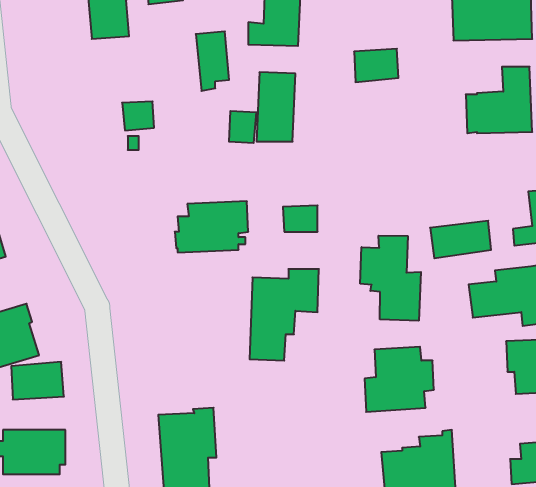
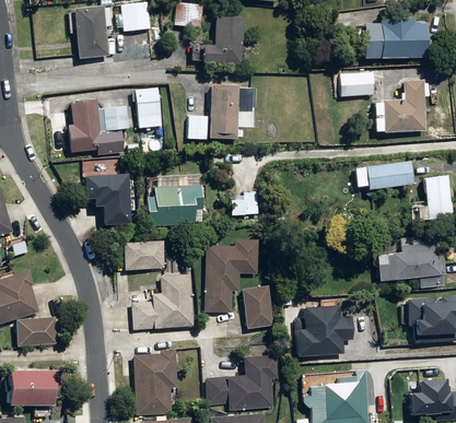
building: [196,31,229,91] -> [136,87,162,134]
building: [354,49,398,82] -> [340,71,375,97]
building: none -> [68,99,104,153]
building: none -> [83,169,129,221]
building: [430,221,491,258] -> [366,161,414,190]
building: [360,236,421,321] -> none
building: none -> [124,240,165,270]
building: none -> [131,274,195,330]
building: none -> [243,285,274,329]
building: none -> [209,353,277,403]

